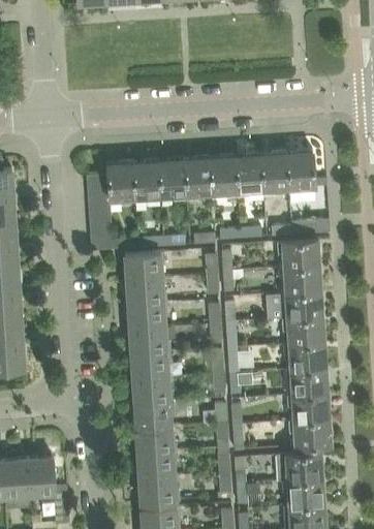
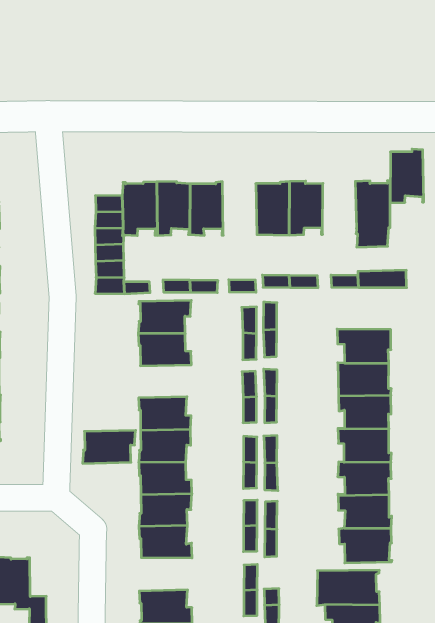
building: [261,153,289,195] -> [390,149,424,203]
building: [184,158,213,200] -> none
building: [278,239,320,268] -> none
building: [129,302,168,330] -> [83,430,136,463]
building: [138,450,178,478] -> none

